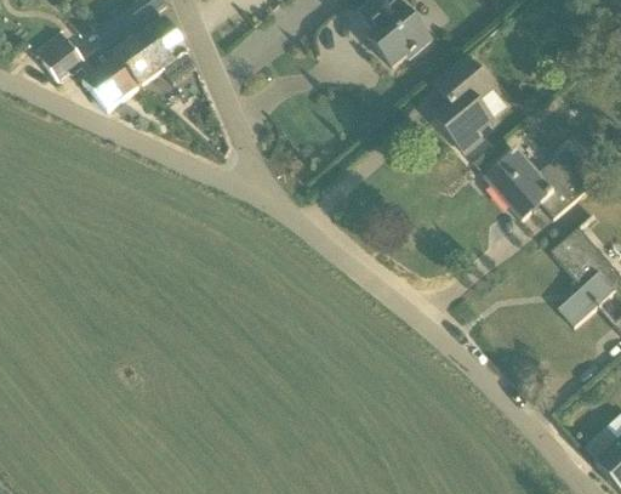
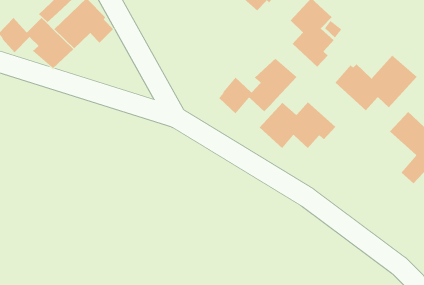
building: none -> [218,58,298,114]
building: none -> [259,102,336,149]

